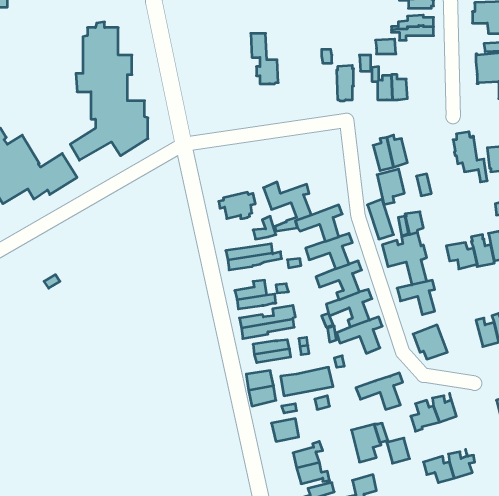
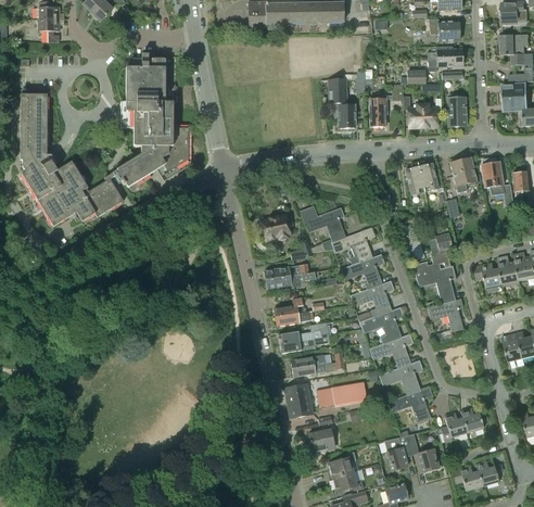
building: [251,33,278,84] -> [330,80,356,128]
building: none -> [447,96,467,126]
building: [377,169,404,204] -> [450,157,476,191]
building: none -> [379,359,423,394]

